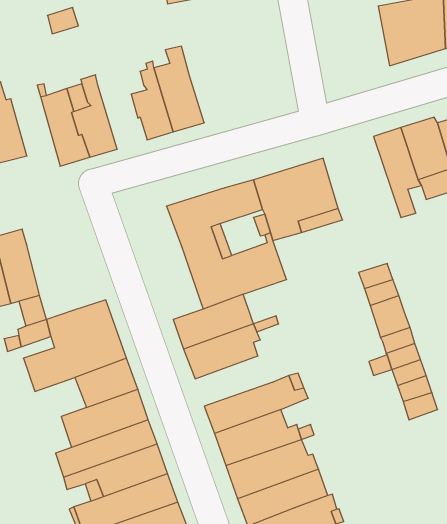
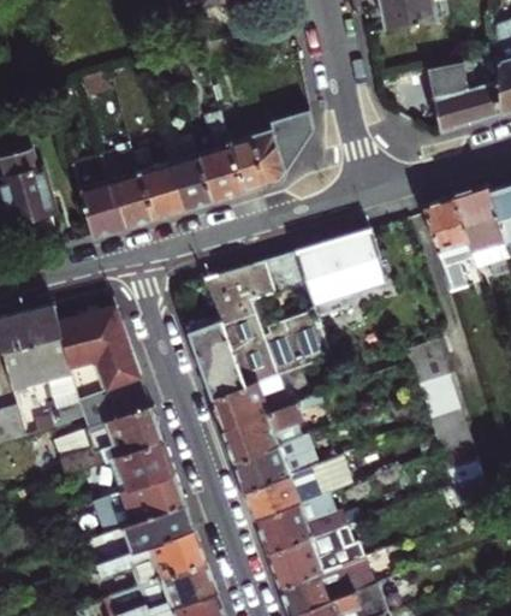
building: none -> [228,109,313,191]
building: none -> [132,141,184,219]
building: none -> [58,304,141,389]
building: none -> [189,321,243,398]
building: none -> [234,436,316,490]

